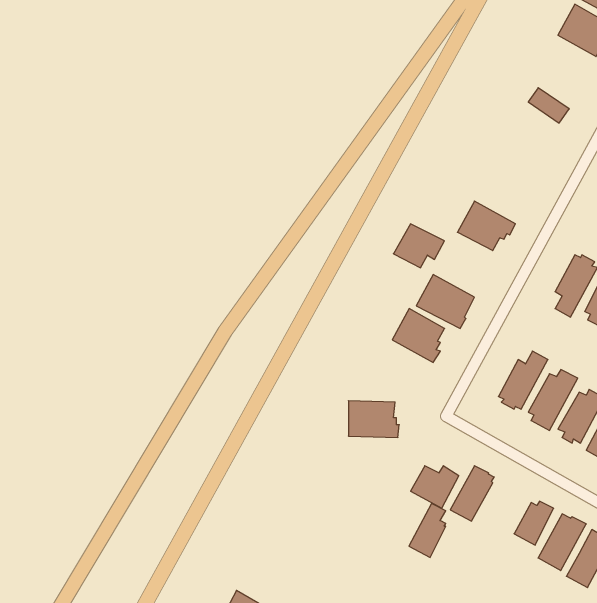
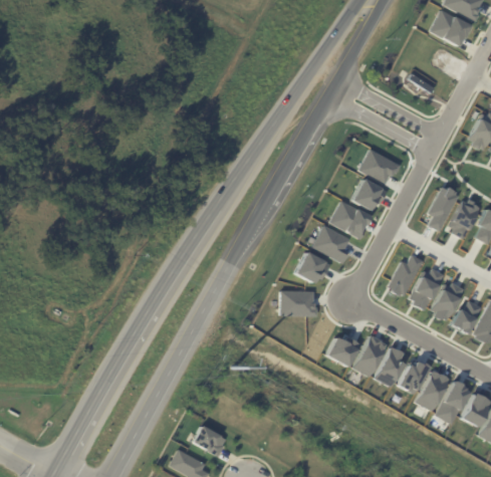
building: [393,224,444,268] -> [350,179,387,210]
building: none -> [295,251,329,283]
building: [409,504,446,557] -> [376,347,402,386]

